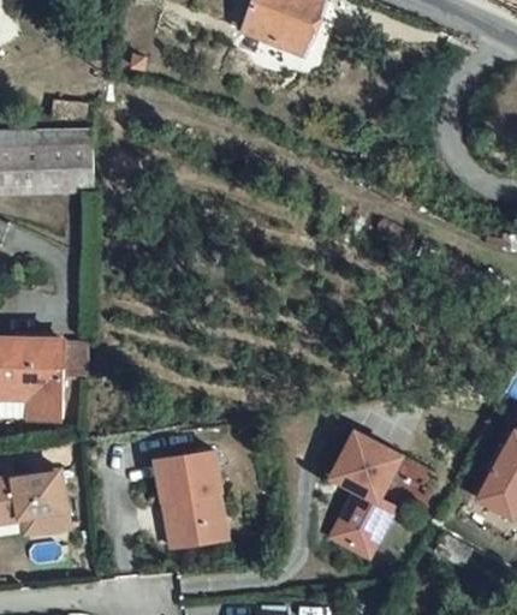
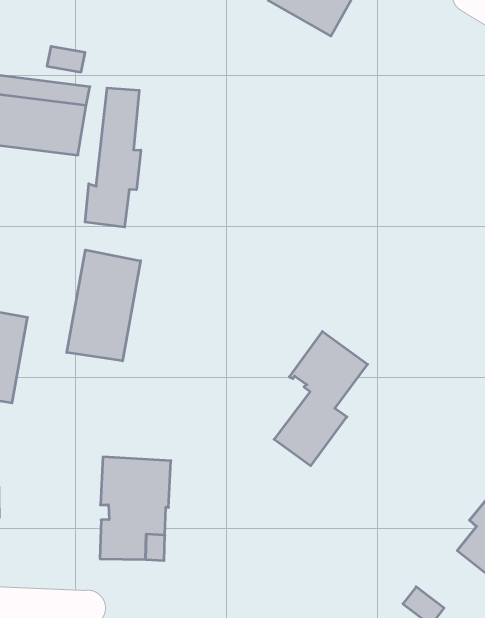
building: none -> [85,88,141,227]
building: none -> [67,250,141,361]
building: [331,436,405,557] -> [274,331,368,466]

